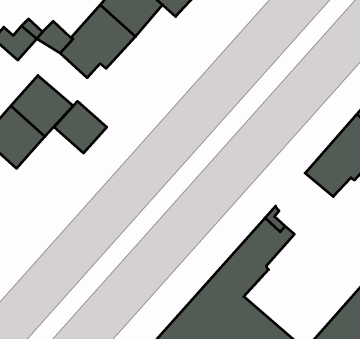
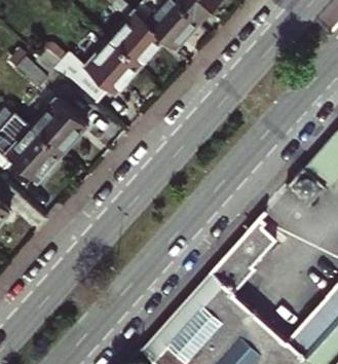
building: [54,101,107,153] -> none

